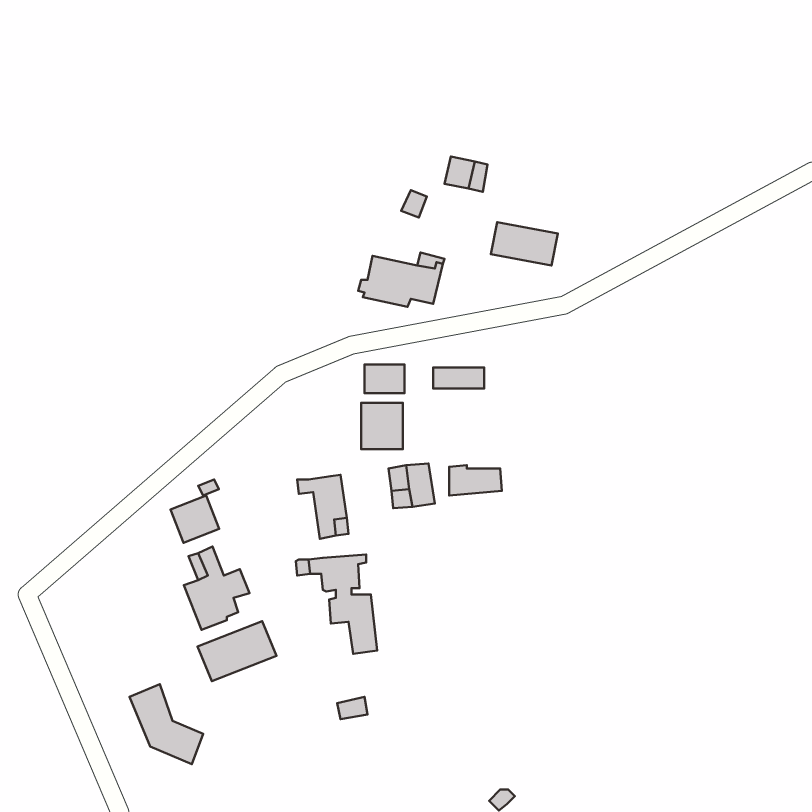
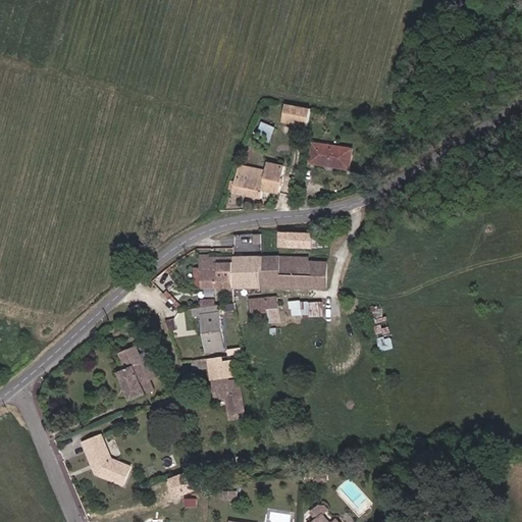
building: none -> [197,257,230,286]
building: none -> [257,257,325,286]
building: [170,495,219,543] -> none
building: [198,621,276,681] -> none

